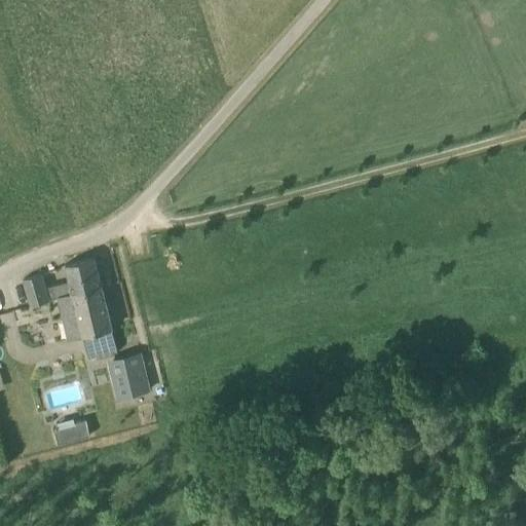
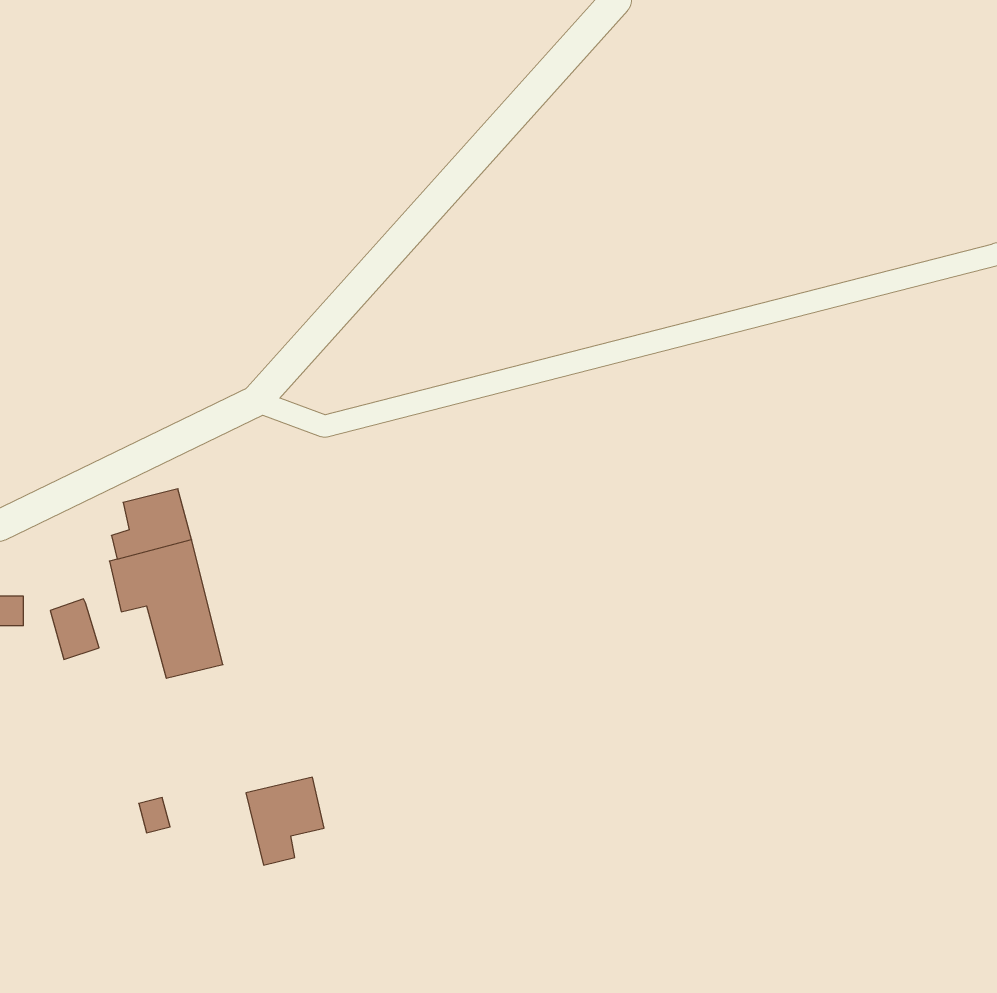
building: [23,276,48,308] -> [50,599,99,659]
building: [107,354,148,401] -> [246,777,324,865]

